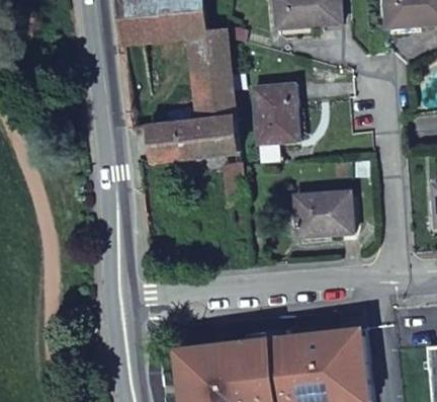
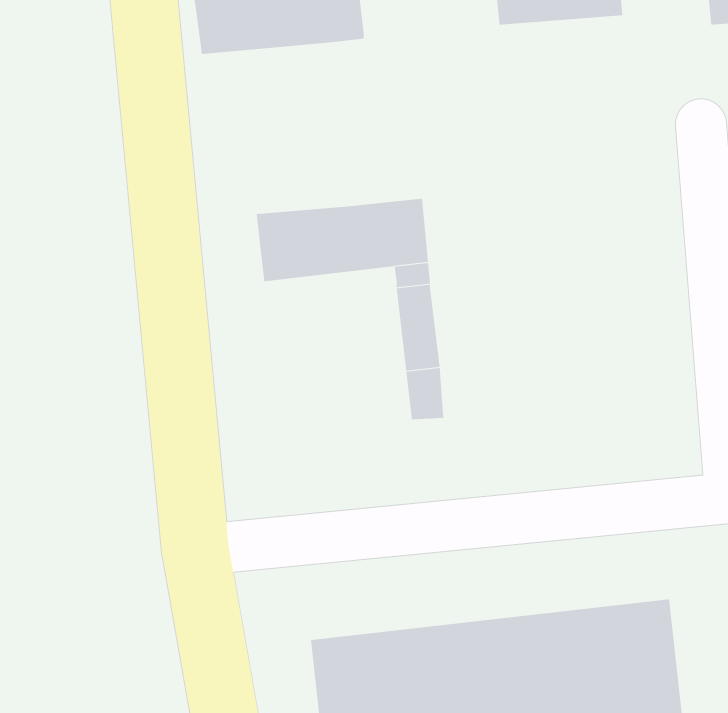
building: [188,29,237,122] -> none
building: [253,83,299,143] -> none
building: [294,190,353,236] -> none

